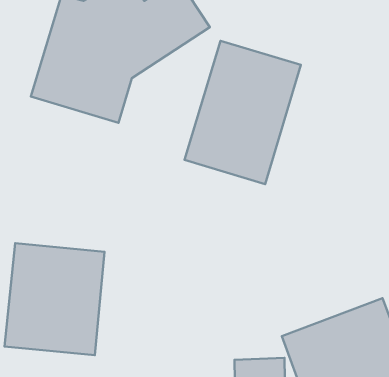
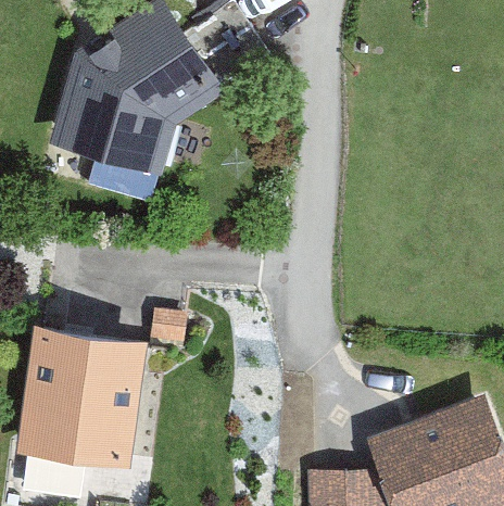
building: [184,41,301,184] -> none

